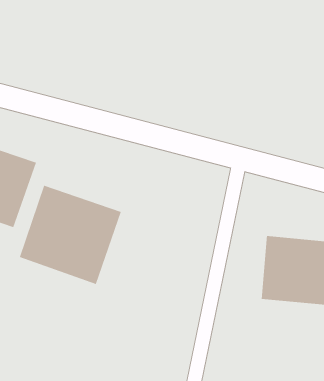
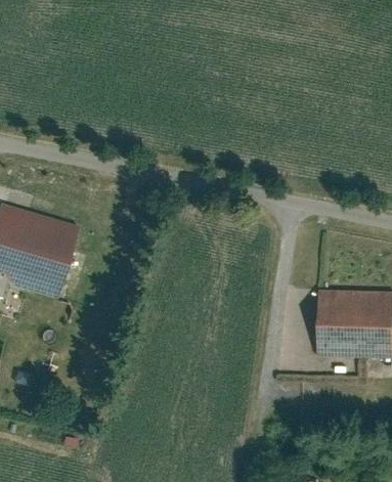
building: [19,185,122,285] -> none

